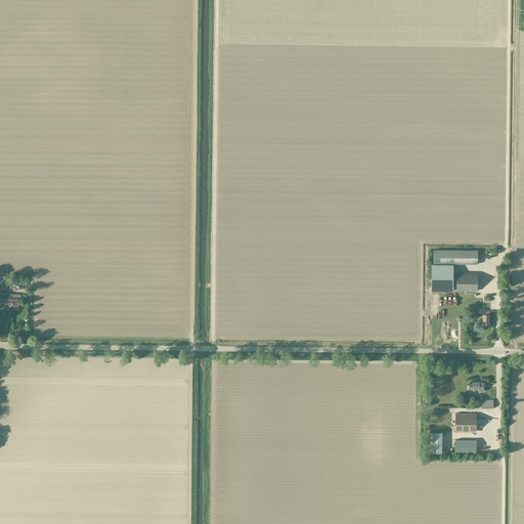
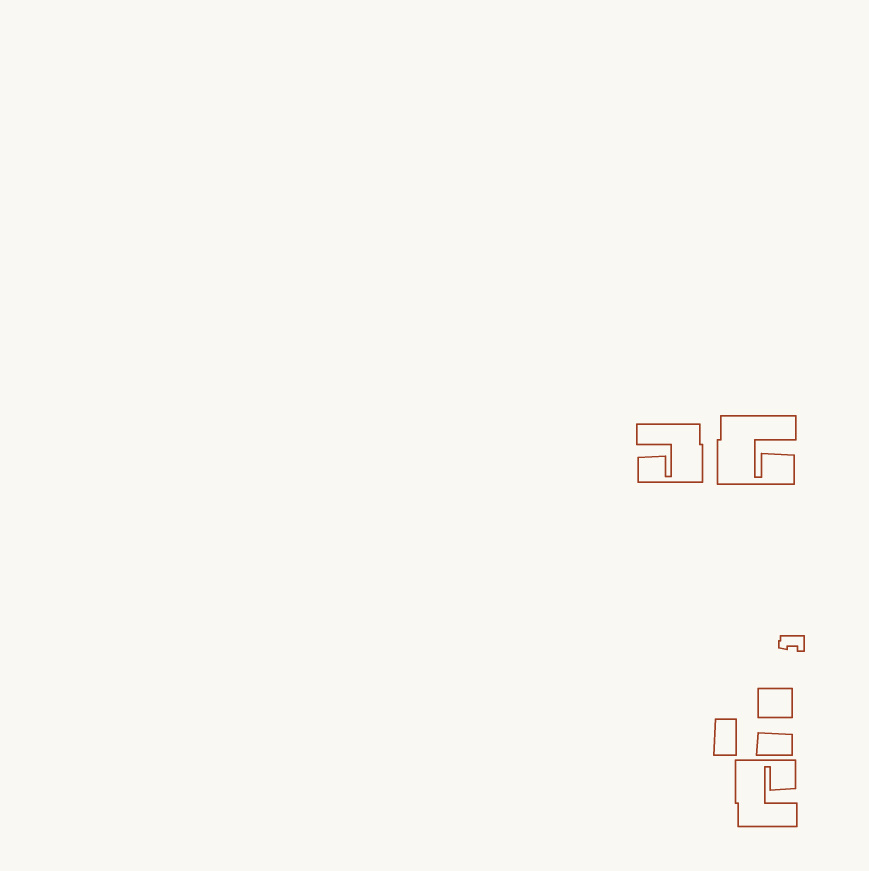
building: none -> [637,424,703,482]
building: none -> [735,760,797,827]

